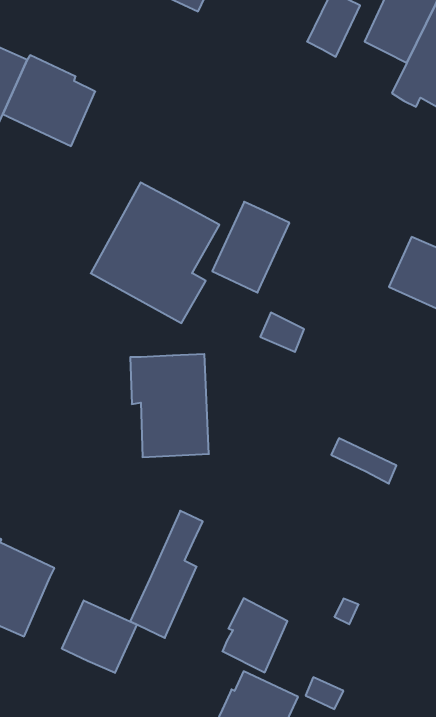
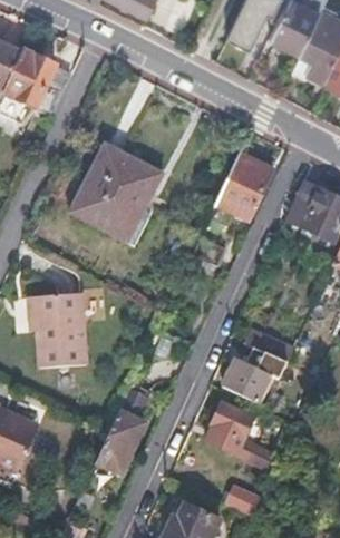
building: [212,202,289,293] -> [215,154,272,221]
building: [130,354,209,457] -> [28,293,86,369]
building: none -> [227,354,288,402]
building: [222,598,287,672] -> [206,401,254,456]
building: [62,600,137,673] -> none

